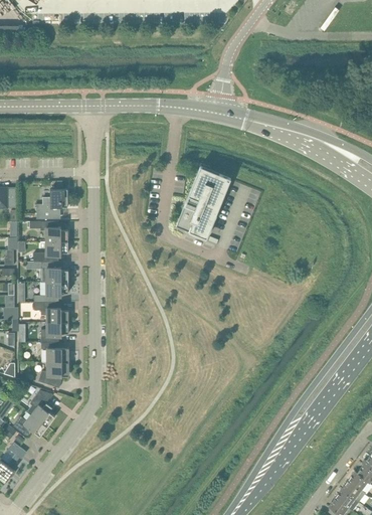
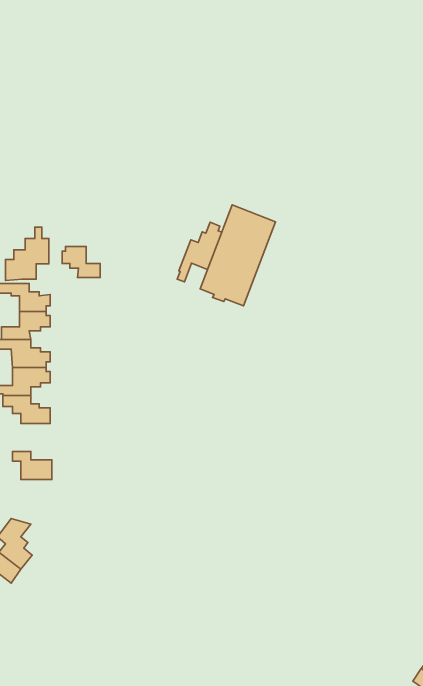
building: none -> [177,222,222,282]
building: none -> [62,247,100,277]
building: [40,322,67,342] -> none
building: [37,362,68,387] -> none

